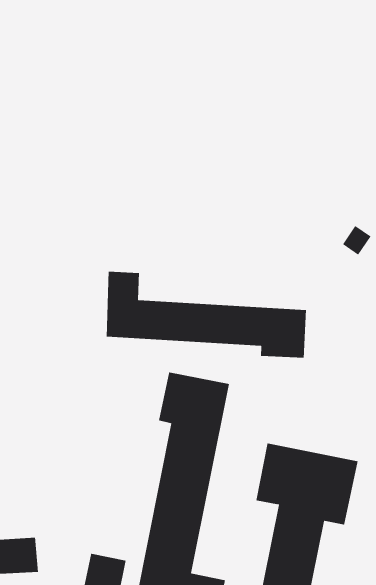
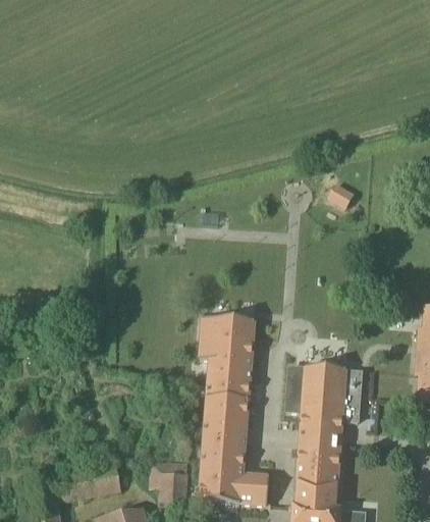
building: [106,271,306,359] -> none

